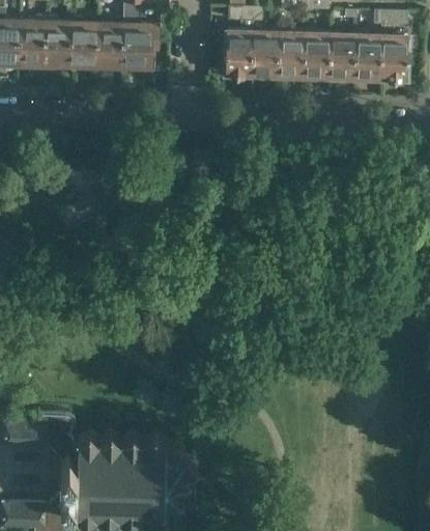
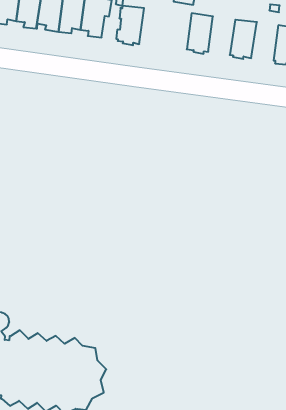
building: [224,33,253,79] -> [116,6,144,45]
building: [278,34,306,80] -> none
building: [329,35,357,82] -> none

